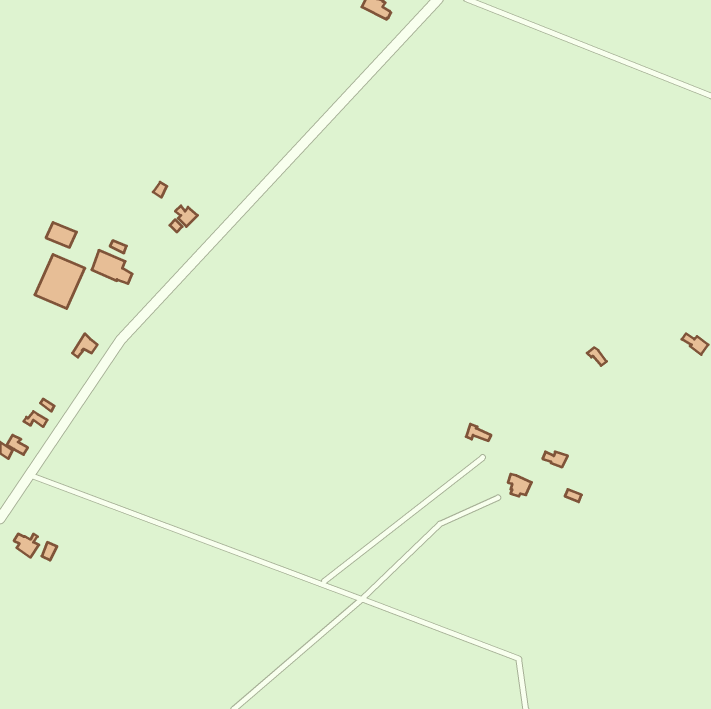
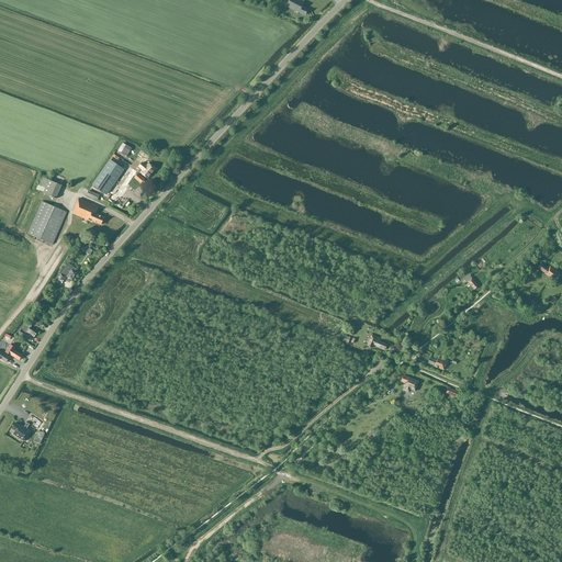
building: none -> [92,158,124,193]

